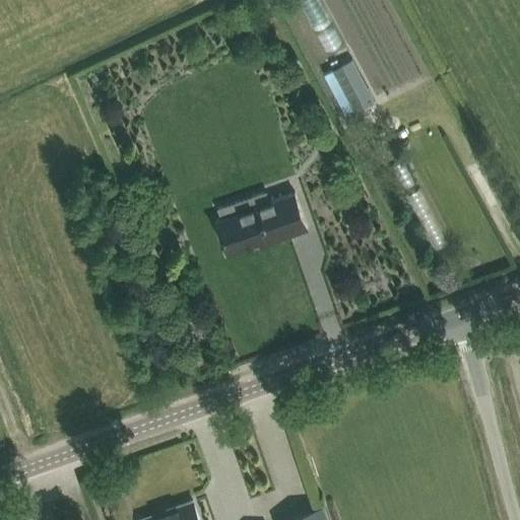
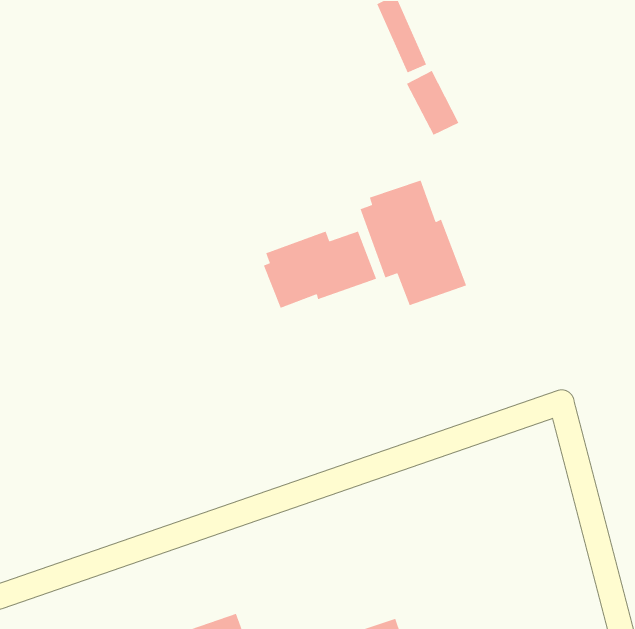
building: none -> [359,180,467,306]

